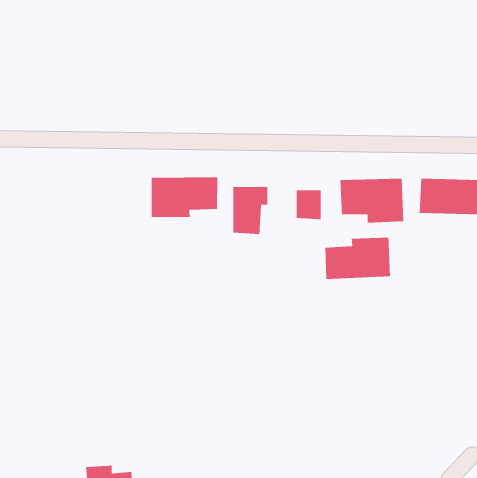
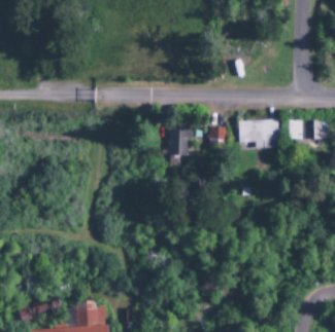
building: [151,177,218,218] -> none
building: [325,237,391,280] -> none

